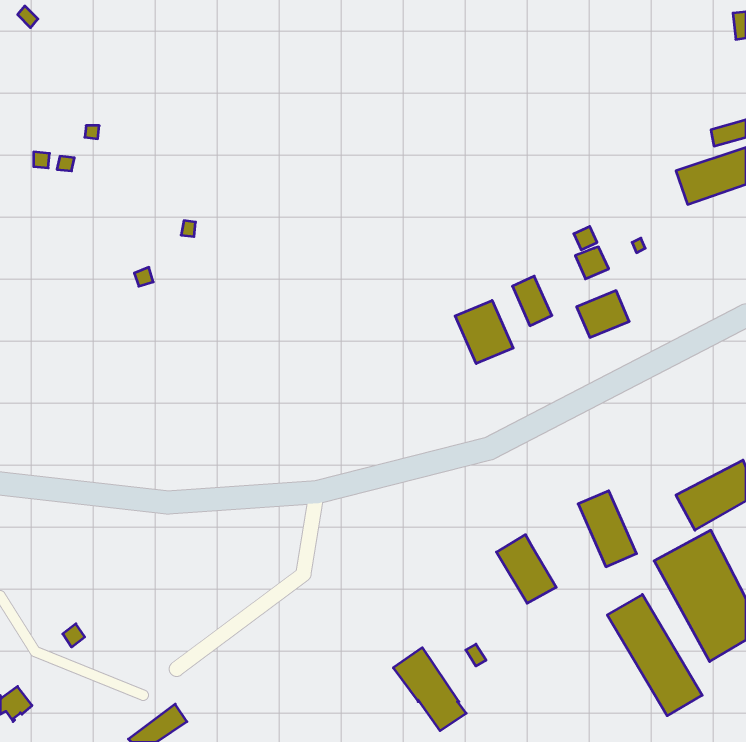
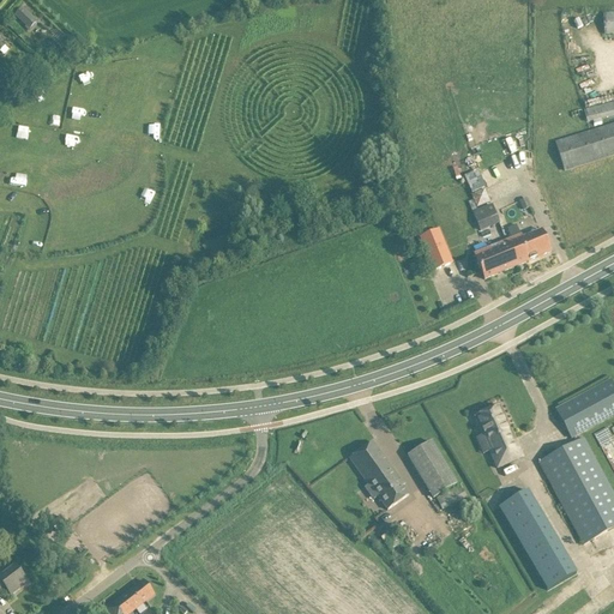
building: none -> [506,228,550,264]
building: [455,300,513,364] -> none
building: [393,648,466,731] -> [349,439,409,507]

